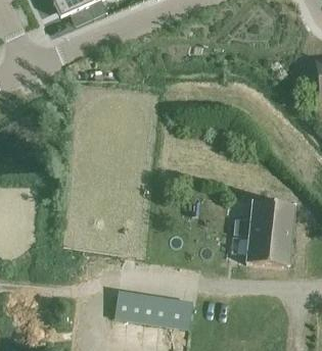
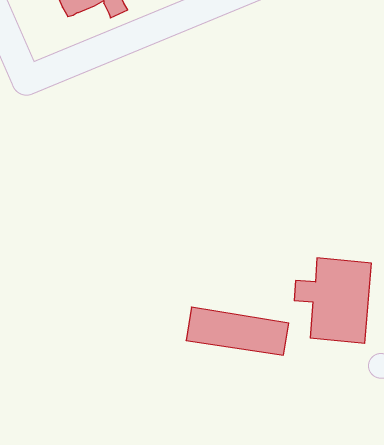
building: [113,291,192,328] -> [186,307,289,355]

